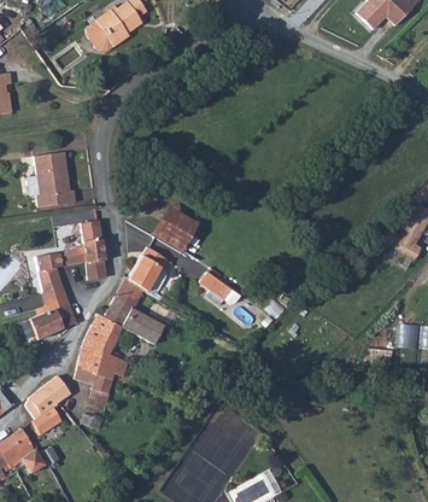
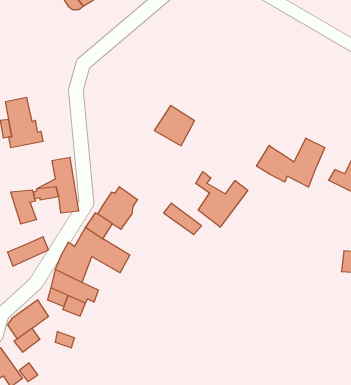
building: none -> [257,138,325,187]
building: [151,205,195,250] -> [154,106,194,146]
building: none -> [196,172,248,227]
building: [34,286,68,315] -> none

